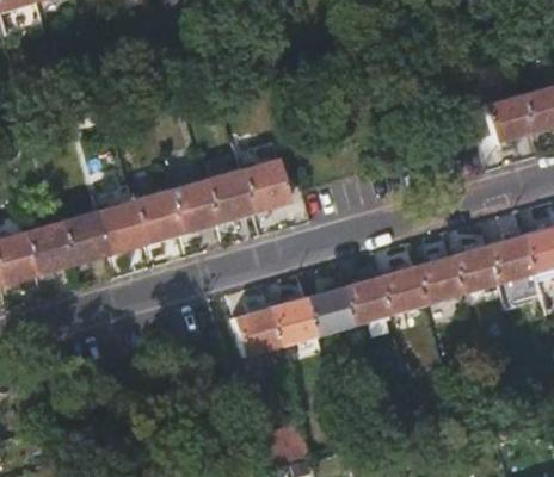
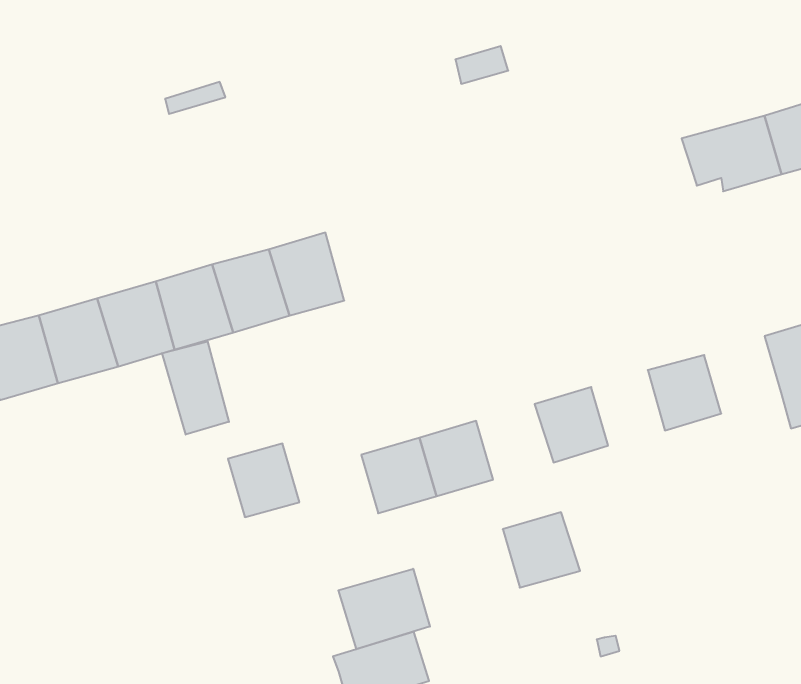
building: [247,157,297,211] -> none
building: [487,234,536,283] -> none
building: none -> [162,341,229,435]
building: [415,255,462,303] -> none
building: [343,277,392,324] -> [503,512,580,588]
building: [235,309,281,355] -> [228,444,299,517]
building: none -> [338,569,430,649]

